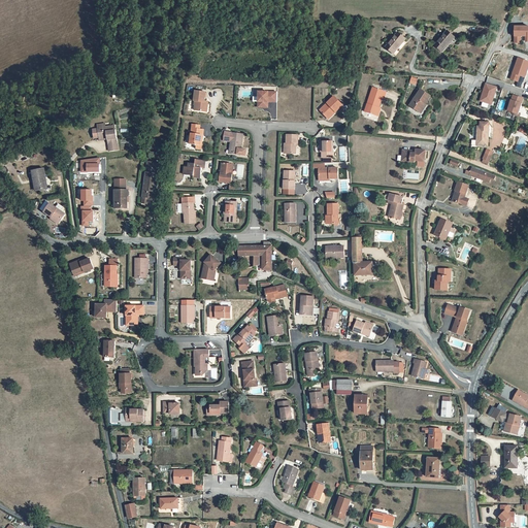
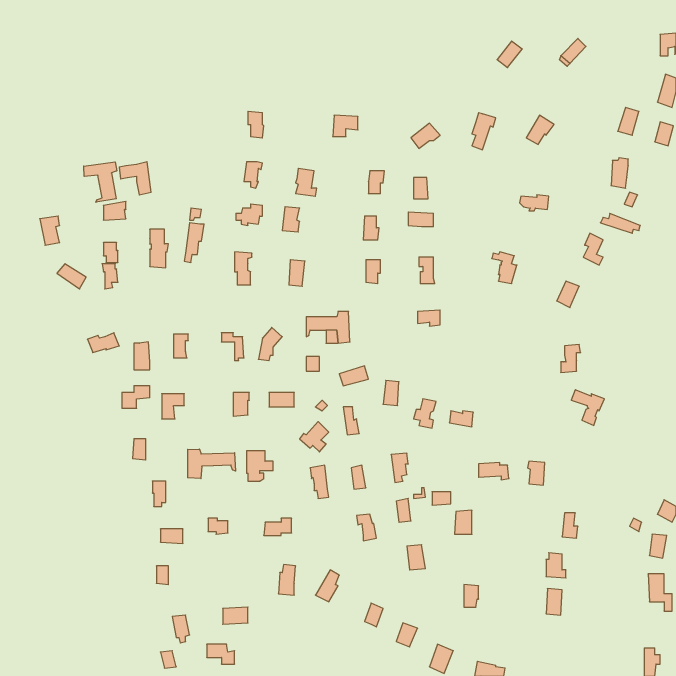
building: none -> [84,162,117,202]
building: [352,233,371,275] -> none
building: none -> [188,449,236,479]

